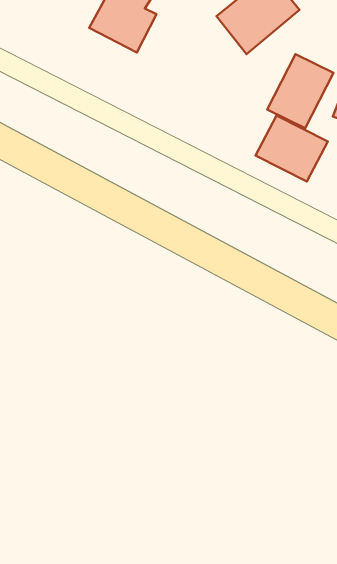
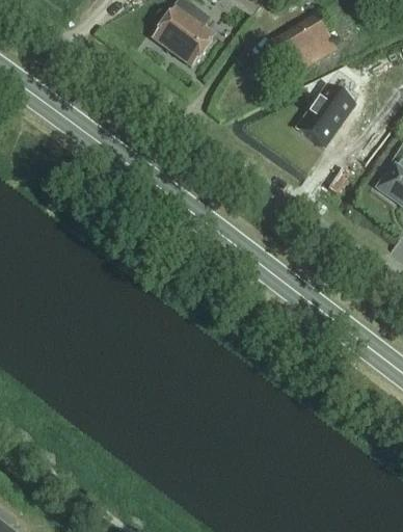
building: [256,116,328,181] -> none

